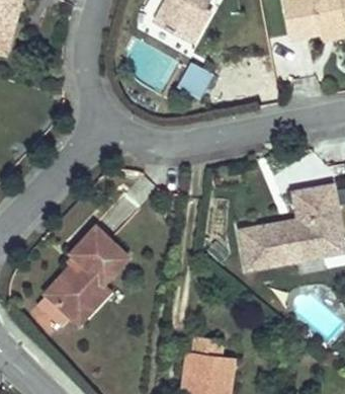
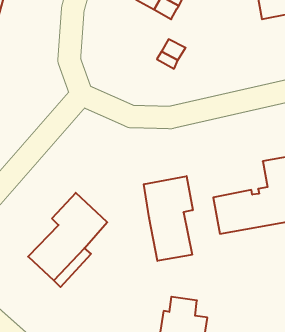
building: none -> [144,176,193,261]

